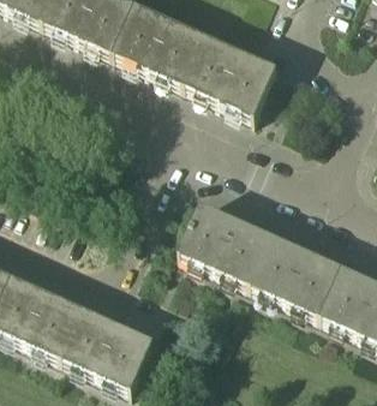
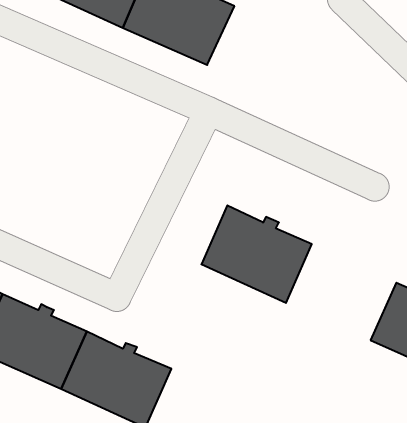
building: [182,35,276,117] -> none
building: [249,234,341,315] -> none

